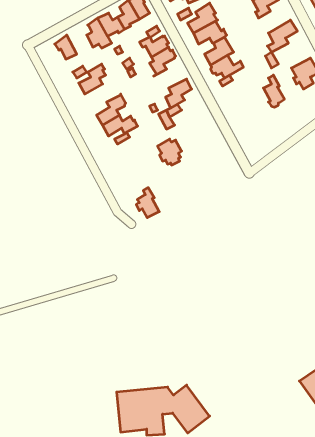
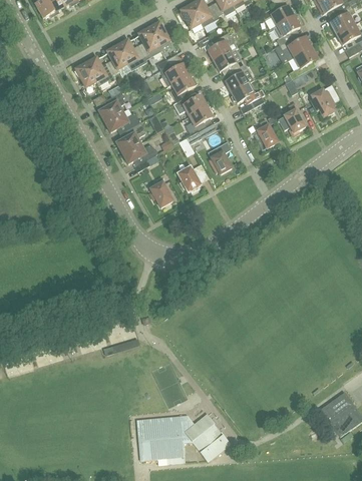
building: none -> [278,35,310,60]
building: none -> [85,57,114,84]
building: none -> [172,94,206,114]
building: none -> [103,110,139,130]
building: none -> [255,118,277,148]
building: none -> [208,140,231,172]
building: [136,188,159,218] -> [148,175,171,205]

